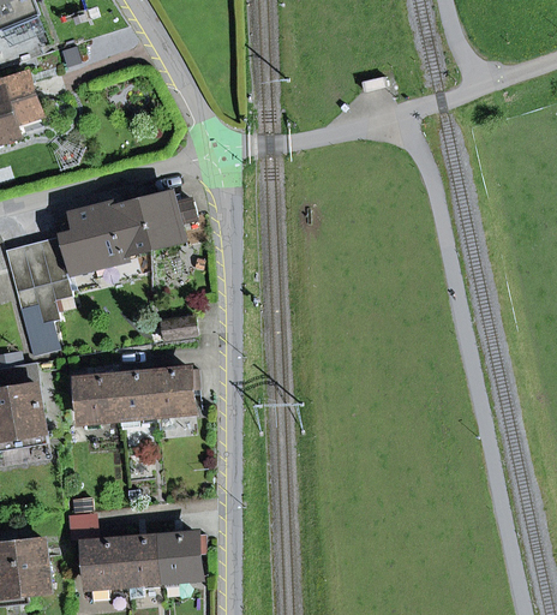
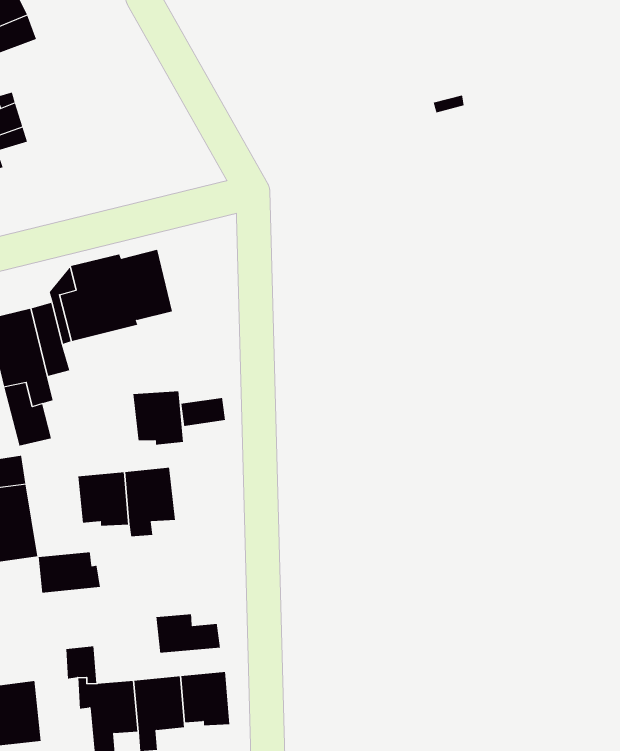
building: [143,191,197,247] -> none
building: [152,369,193,413] -> [132,391,184,447]
building: none -> [38,551,100,594]
building: none -> [156,614,220,653]

